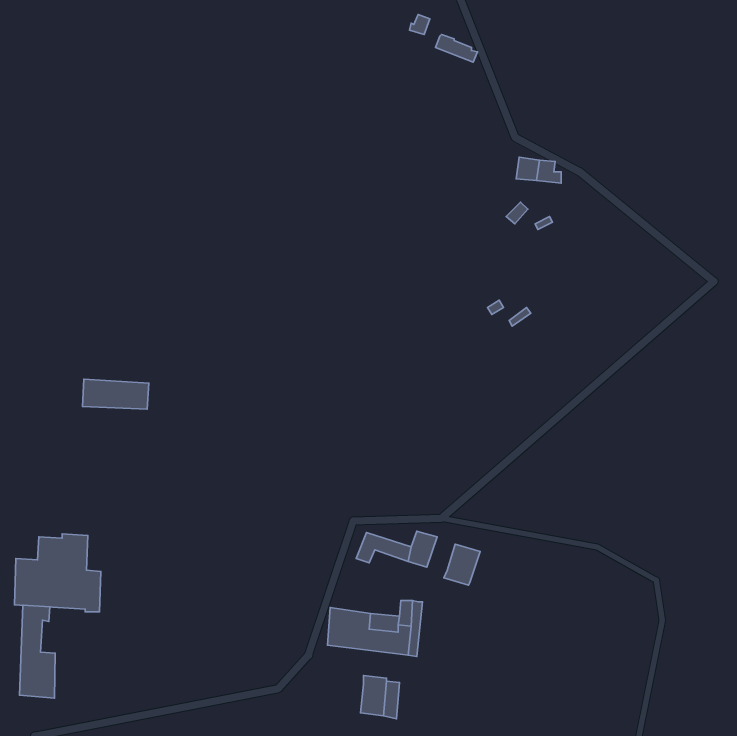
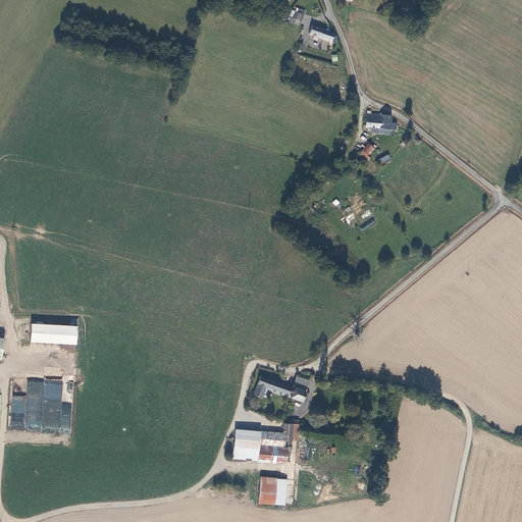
building: [82,379,149,409] -> [30,322,76,344]
building: [444,544,480,585] -> none
building: [20,605,55,698] -> none

